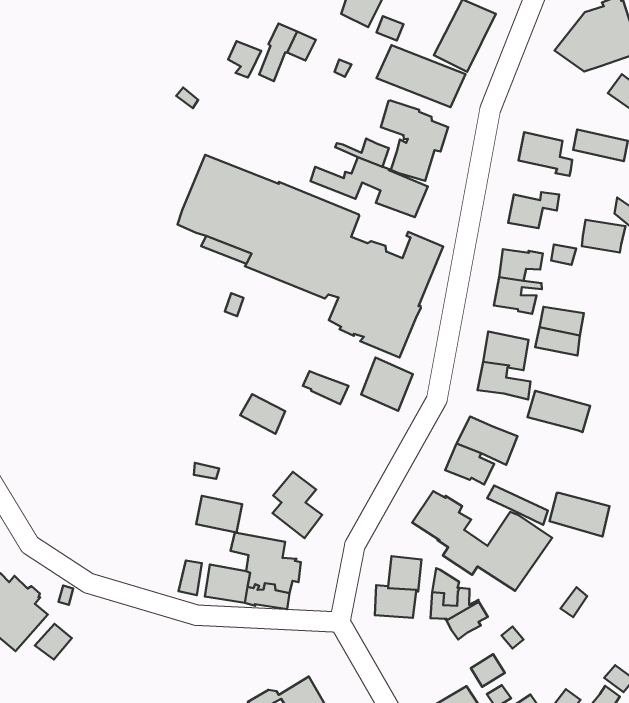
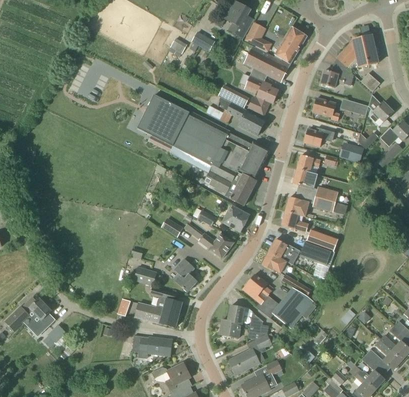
building: none -> [320,68,353,87]
building: none -> [198,232,234,258]
building: [549,493,610,536] -> [299,241,330,265]
building: none -> [132,335,172,358]
building: none -> [228,348,259,375]

